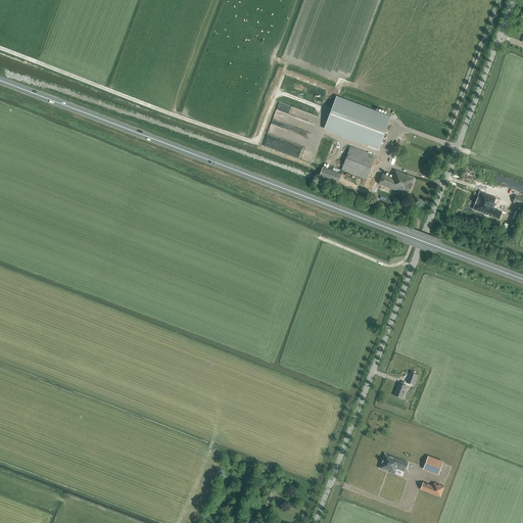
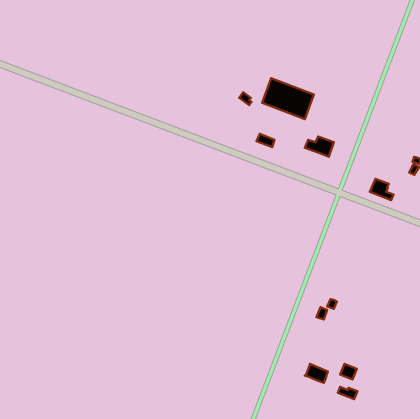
building: [341,146,375,179] -> none
building: [473,192,503,219] -> [370,179,394,200]

